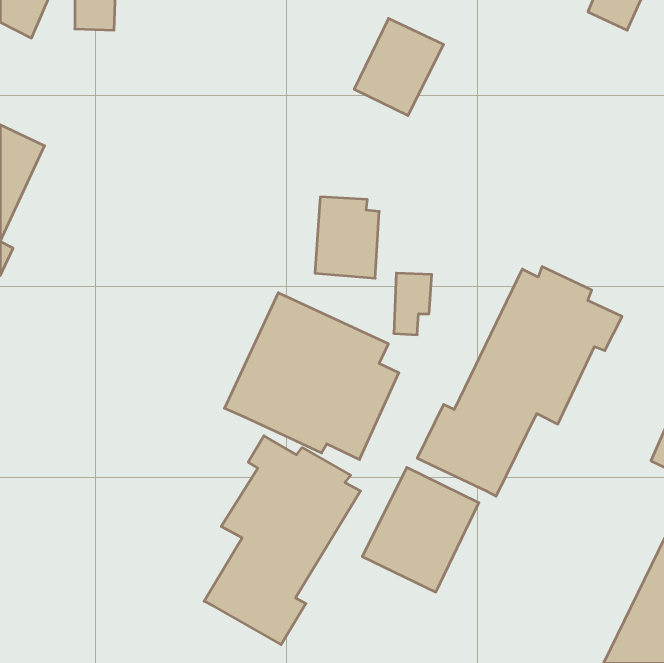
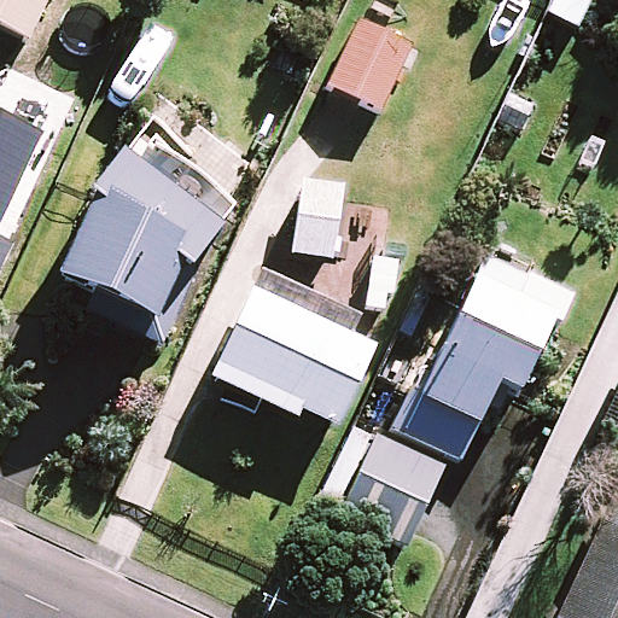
building: none -> [56,113,238,346]
building: [204,436,361,645] -> none

